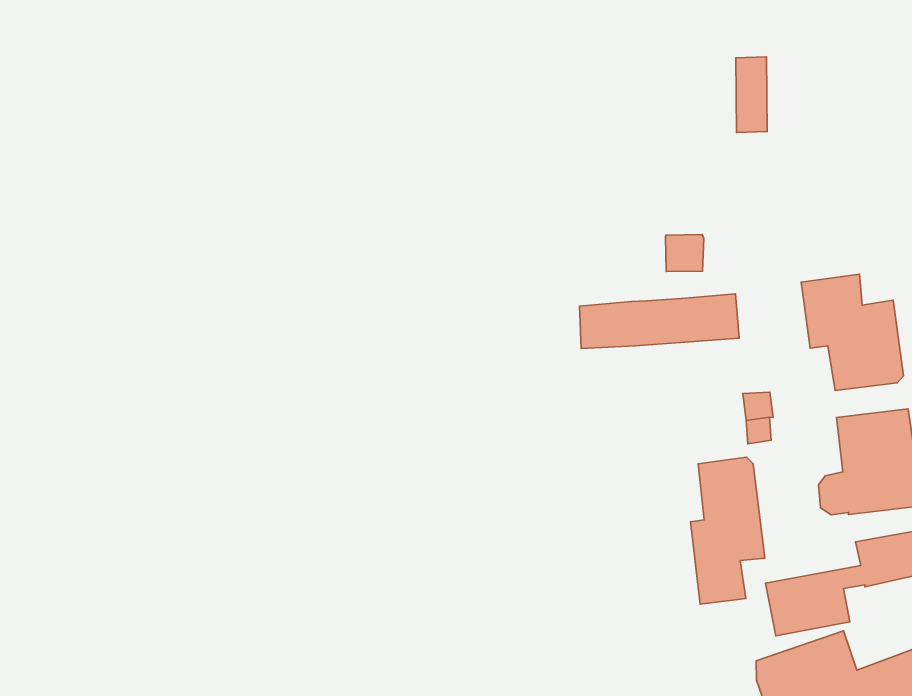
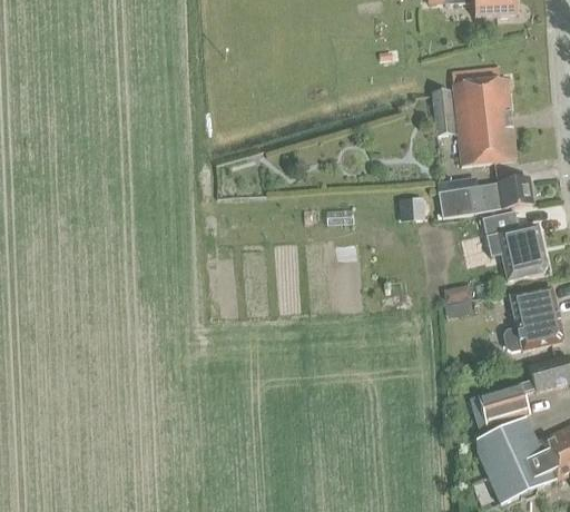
building: none -> [453,77,517,164]
building: [579,294,739,348] -> [439,176,533,216]
building: [690,457,765,604] -> none

